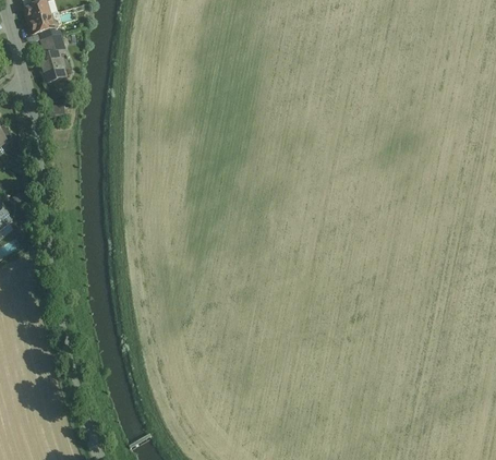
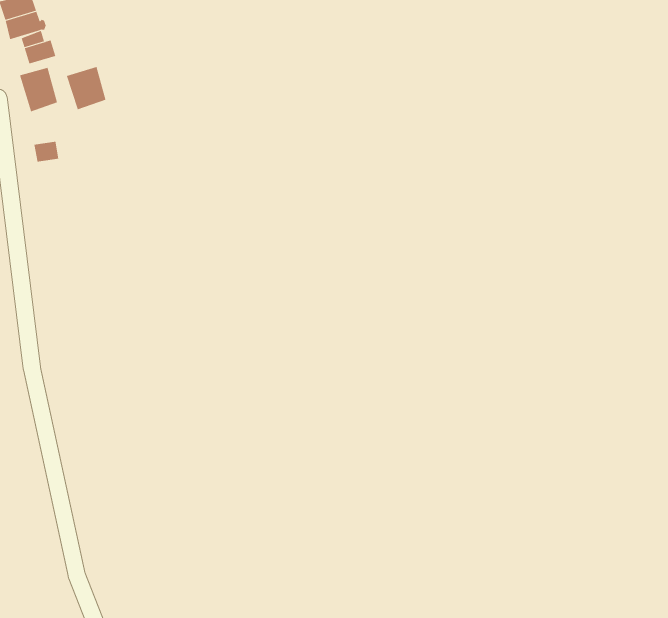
building: none -> [66,66,106,110]

